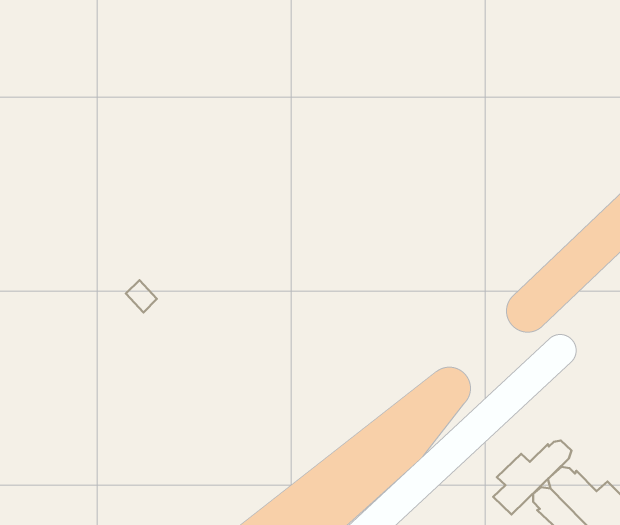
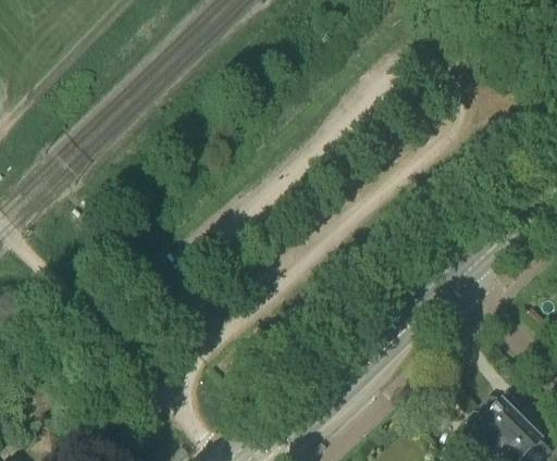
building: [493,440,572,515] -> none

